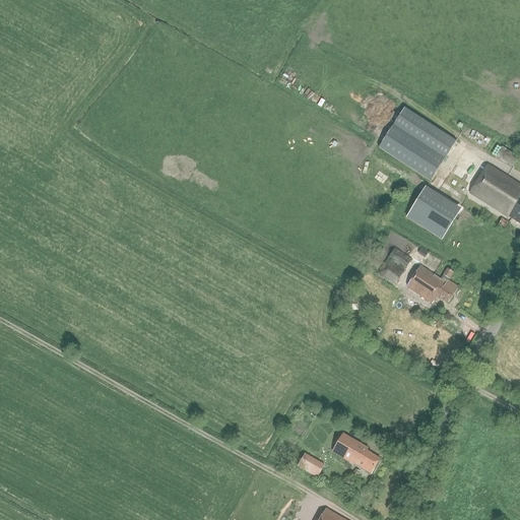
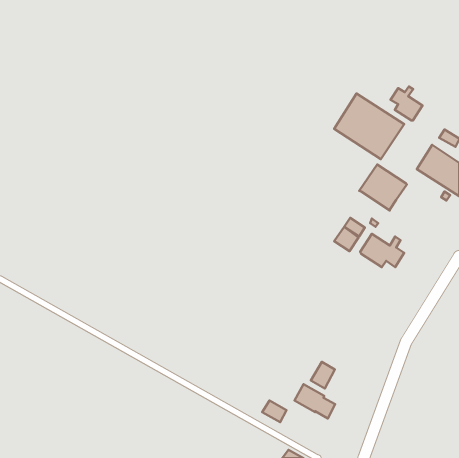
building: none -> [391,86,423,120]
building: none -> [311,362,335,388]

